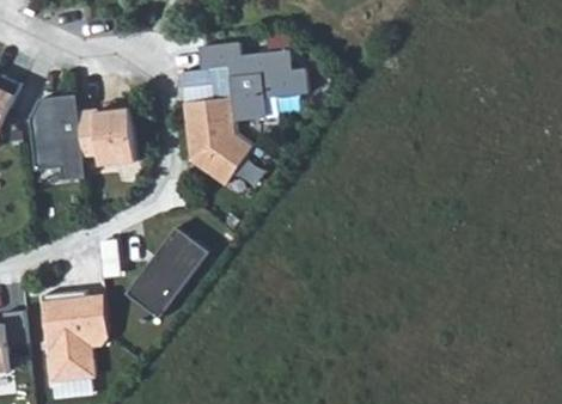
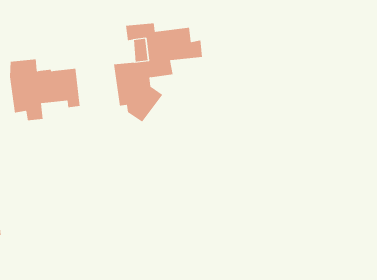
building: [129,226,213,319] -> none
building: [39,286,106,378] -> none

